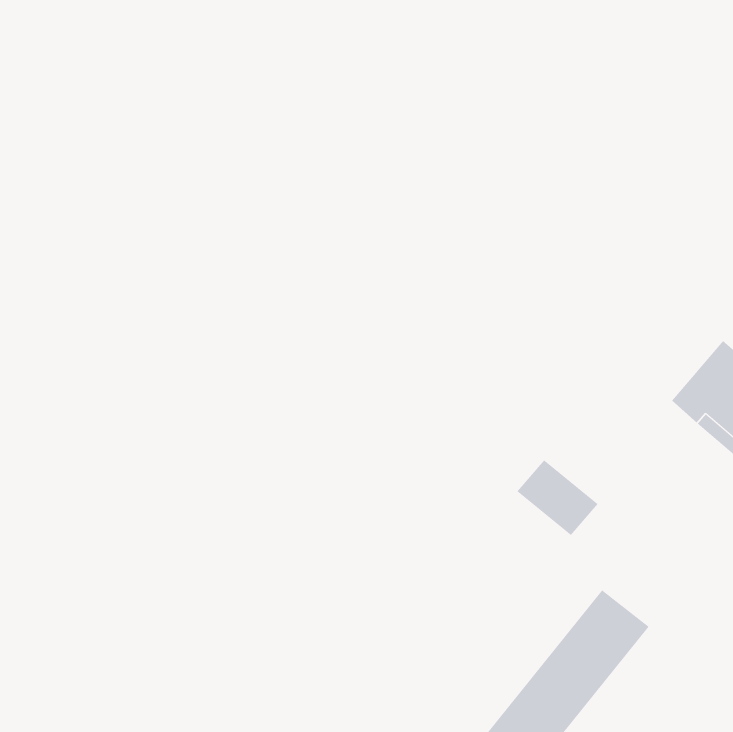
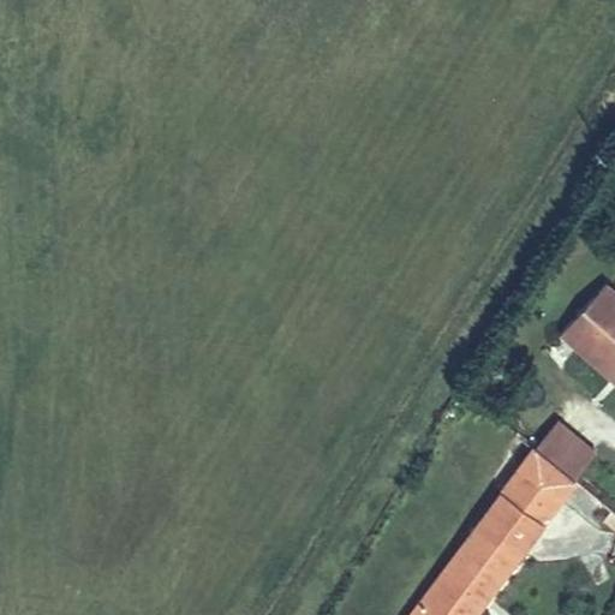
building: [517,460,599,536] -> [532,420,601,484]
building: none -> [504,471,563,526]

